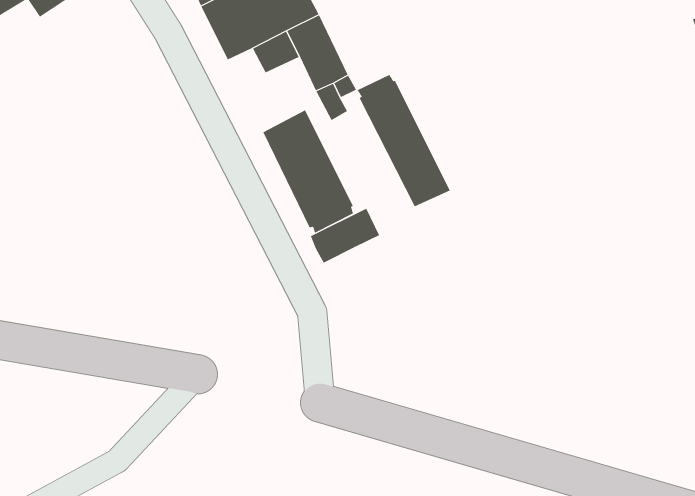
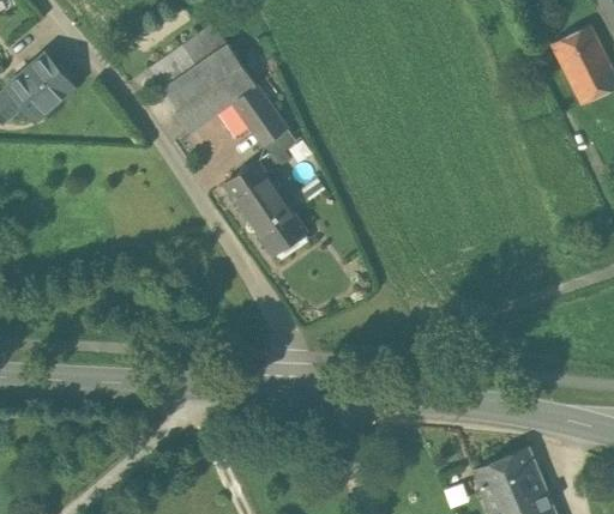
building: [357,74,450,207] -> none
building: [310,208,380,263] -> none

